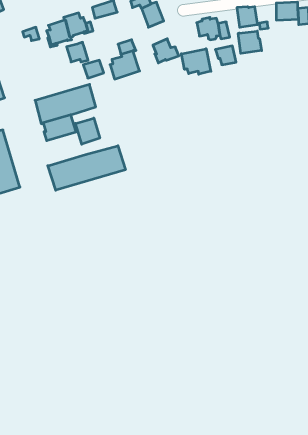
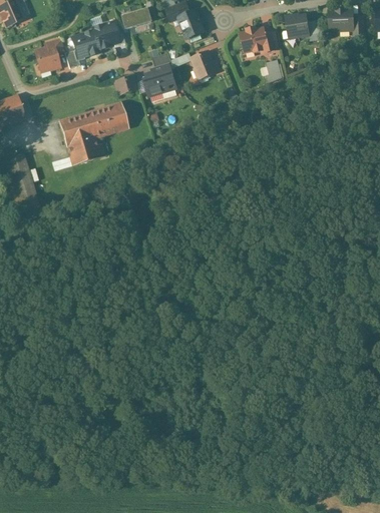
building: [238,31,262,53] -> none
building: [67,42,88,62] -> [35,47,59,69]
building: [181,49,211,74] -> none
building: [75,118,100,144] -> none
building: [48,146,125,190] -> none

